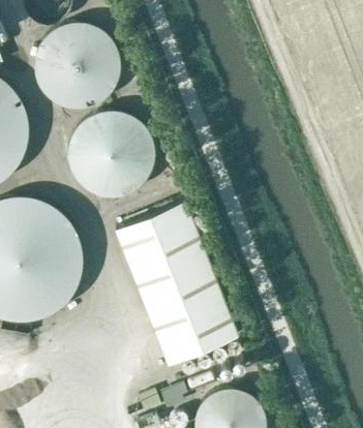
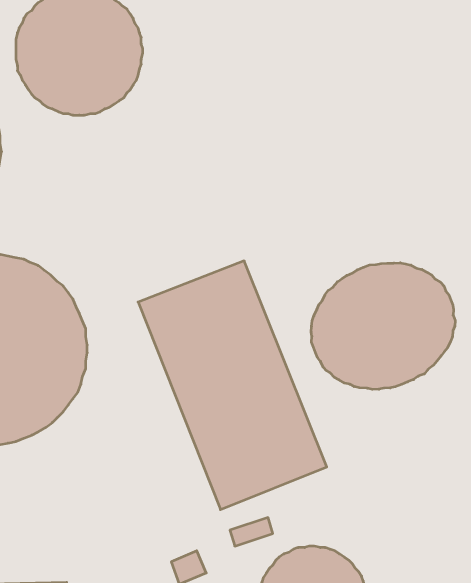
building: [68,113,151,195] -> none
building: none -> [311,263,455,389]

